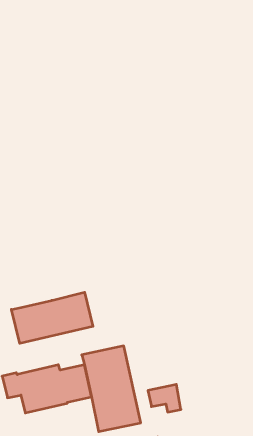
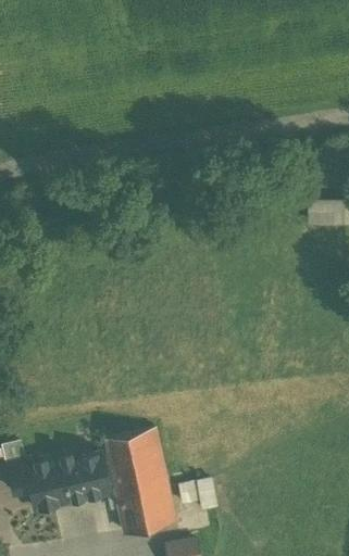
building: [11,292,93,343] -> none

